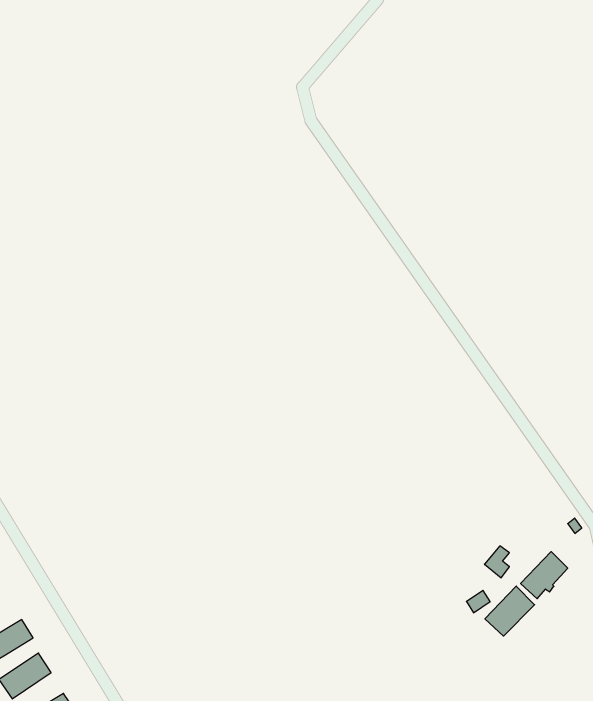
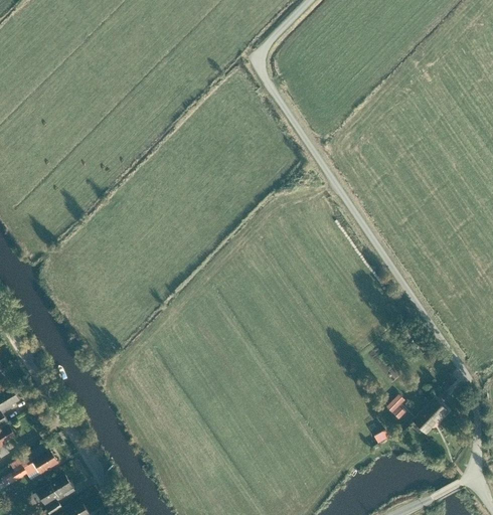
building: [485,586,535,636] -> none

